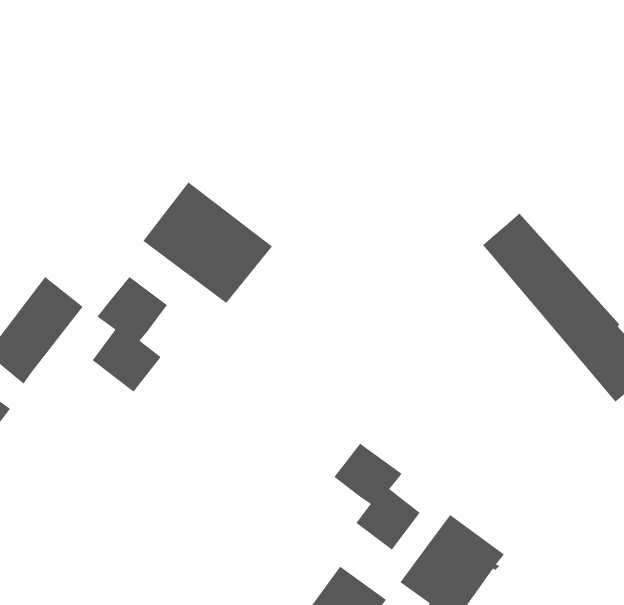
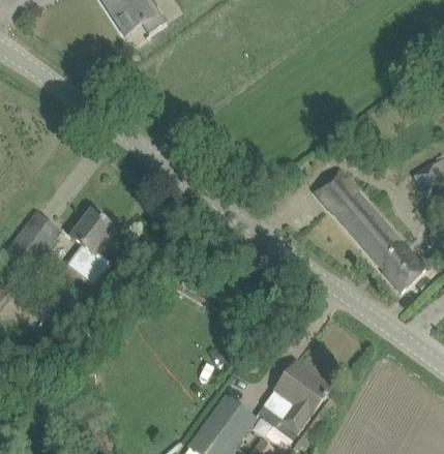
building: [142,182,273,304] -> none
building: [334,443,420,550] -> none

